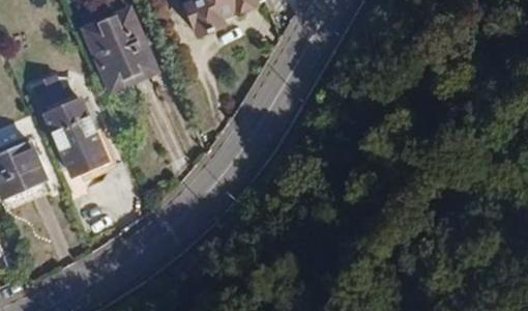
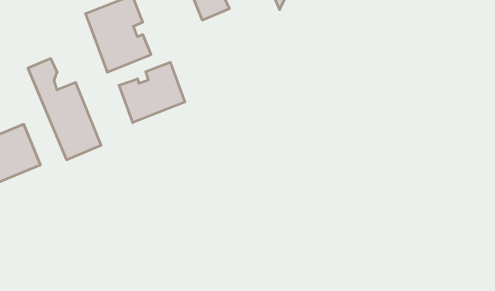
building: none -> [119,62,185,123]

